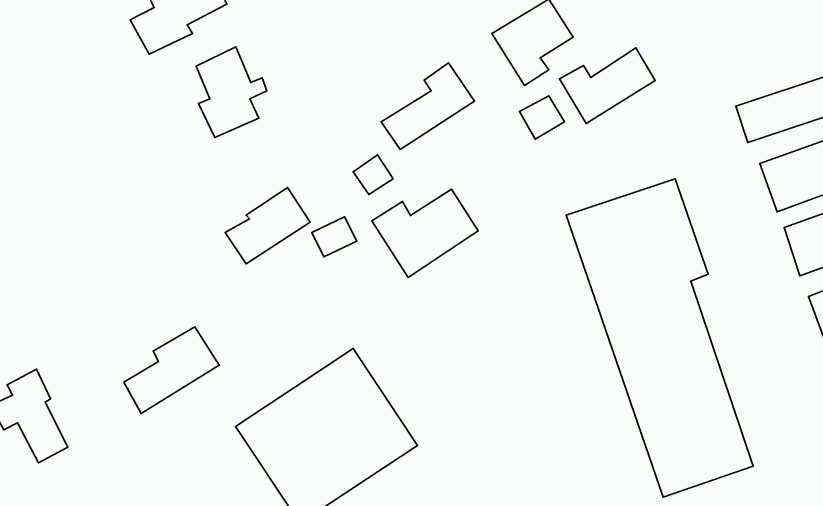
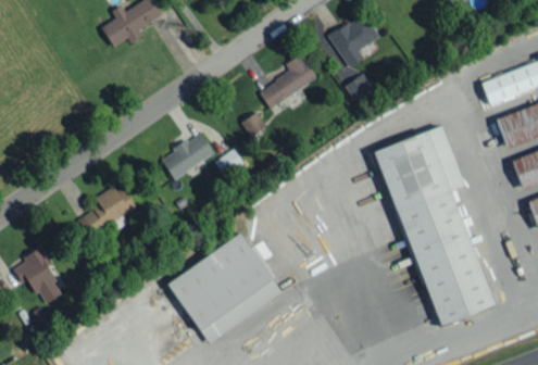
building: [196,47,267,137] -> none
building: [560,48,655,124] -> none
building: [372,189,478,277] -> none
building: [124,327,219,413] -> [77,184,137,238]

